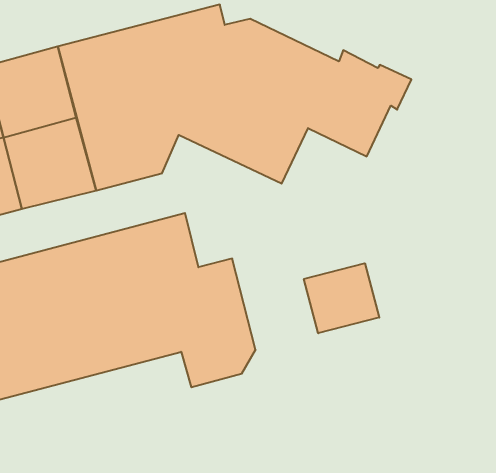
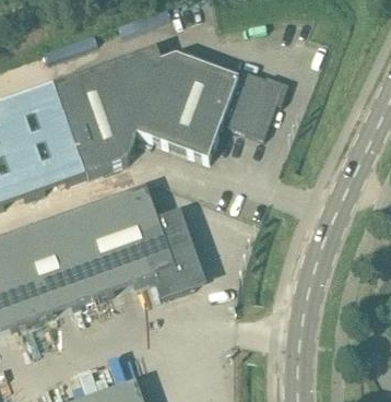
building: [304,263,379,333] -> none

